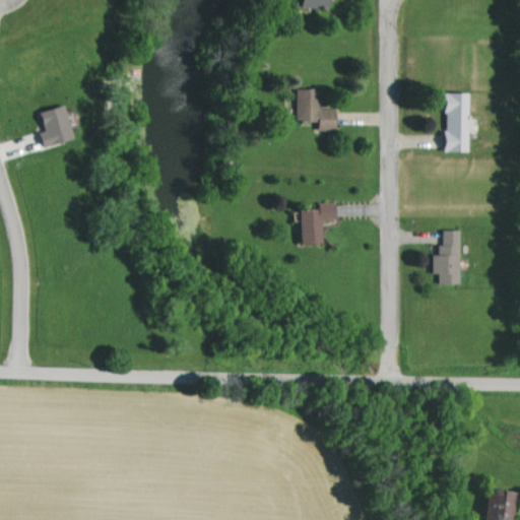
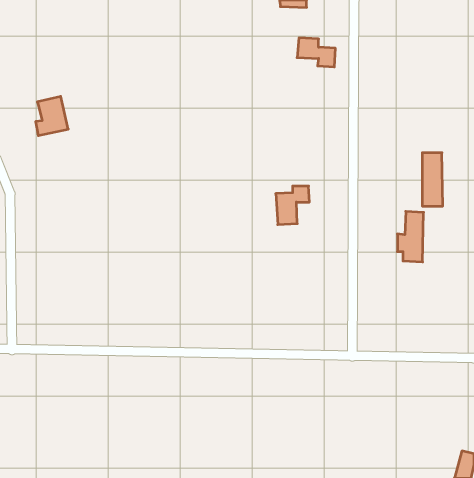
building: [446,93,468,151] -> [422,153,443,206]
building: [297,99,338,130] -> [297,38,335,67]

